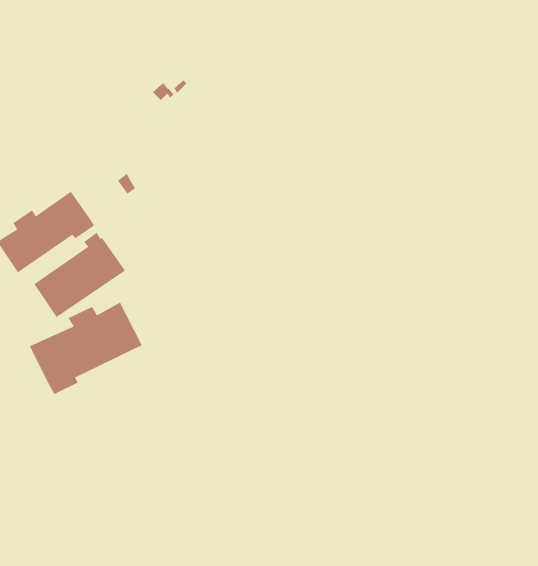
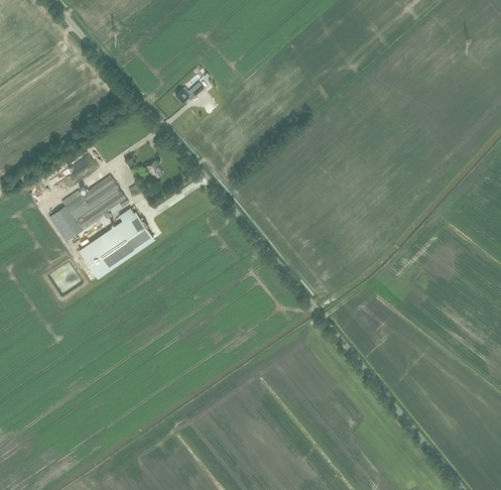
building: [29,302,142,395] -> none

